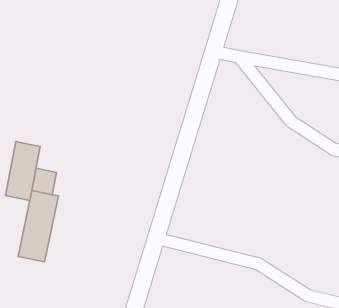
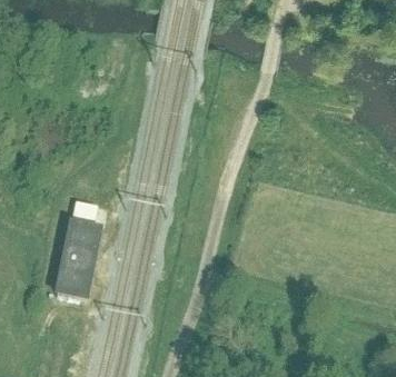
building: [5,141,40,200] -> none

